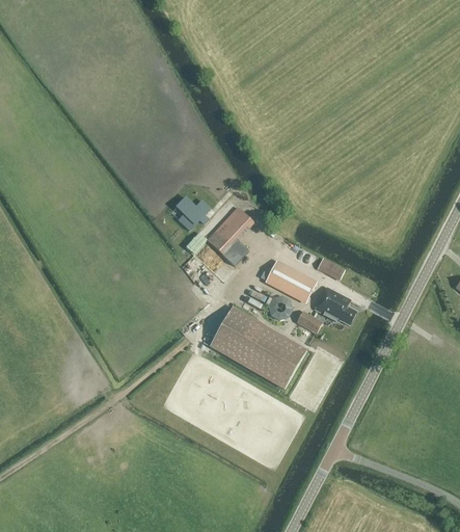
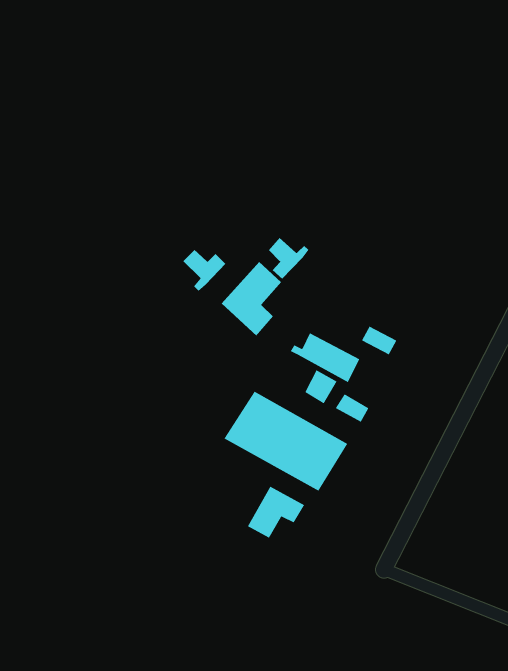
building: none -> [268,237,309,280]
building: [316,287,357,323] -> none
building: none -> [247,486,305,538]

